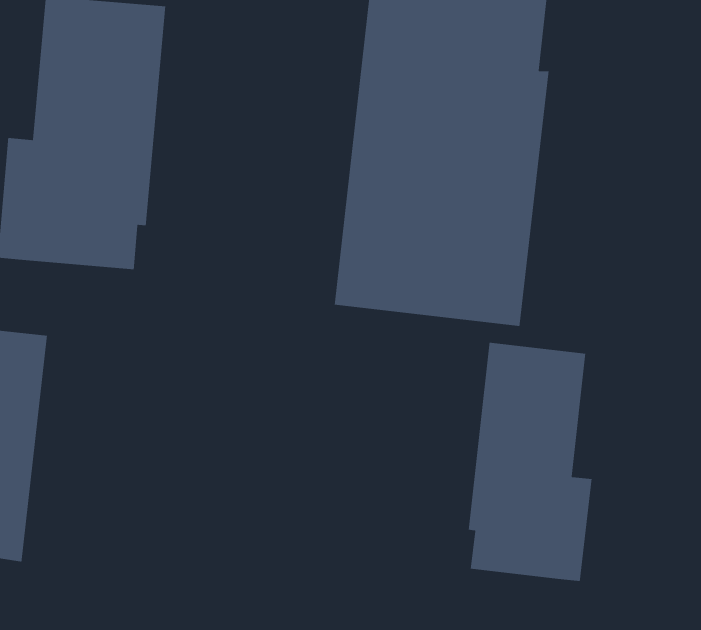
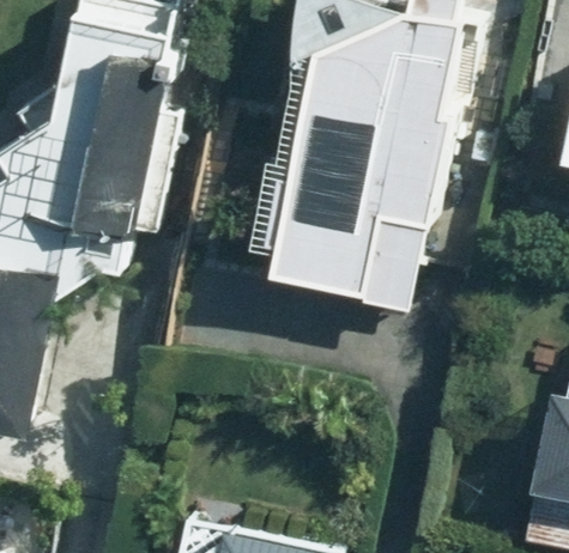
building: [468,342,592,582] -> none

